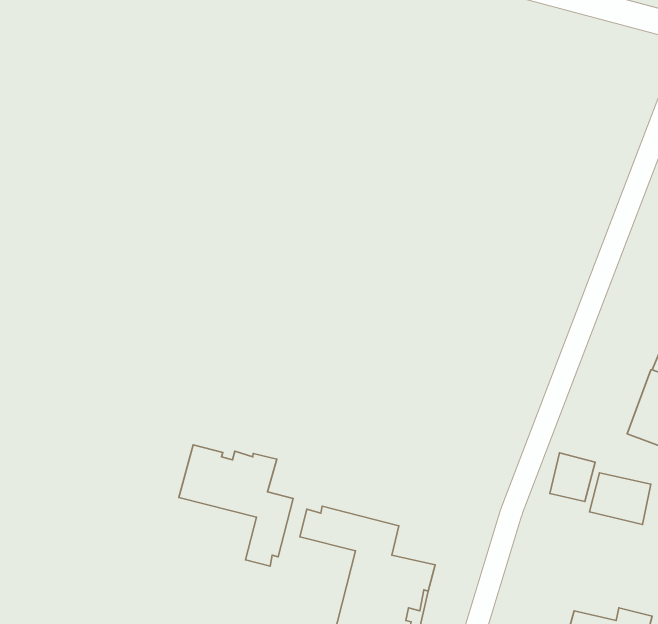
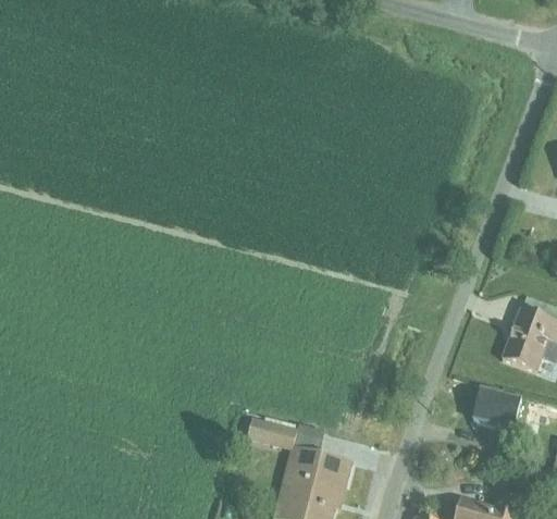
building: [179,445,293,566] -> none
building: [550,453,595,502] -> none

